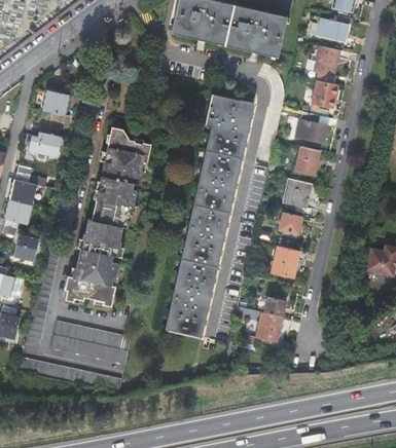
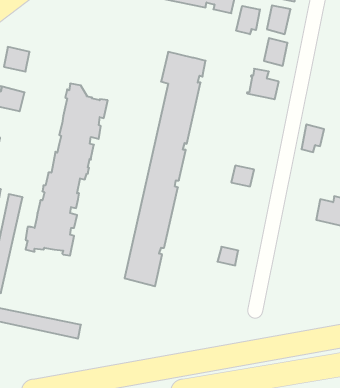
building: none -> [236,6,260,34]
building: [296,146,320,175] -> [301,124,324,152]
building: [284,179,311,214] -> none
building: [272,246,298,277] -> none
building: [257,312,283,343] -> none
building: [50,321,132,364] -> none

